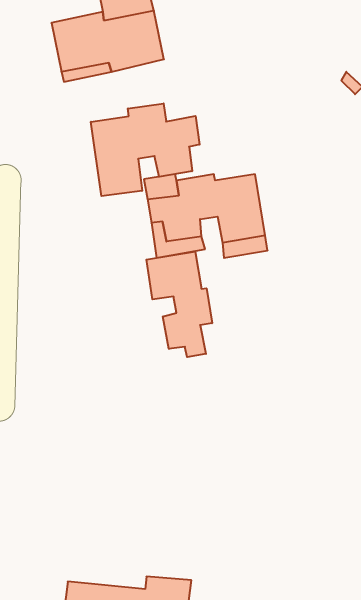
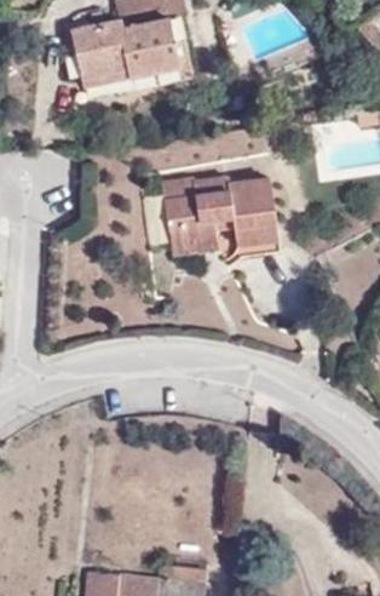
building: [91,103,200,196] -> none
building: [146,252,212,357] -> none

